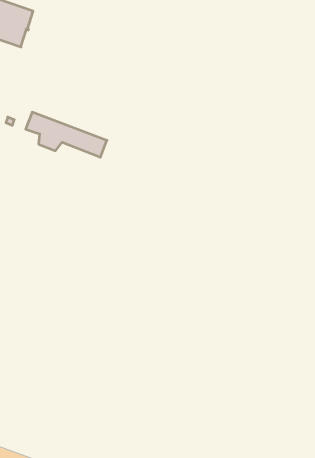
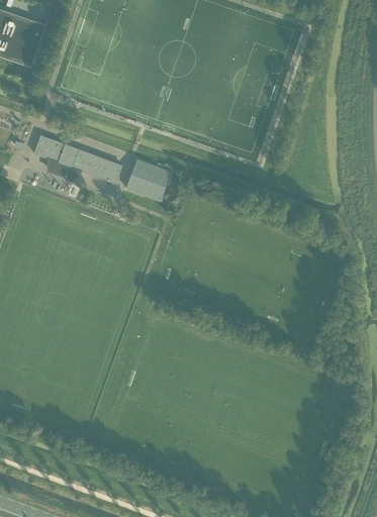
building: none -> [126,159,172,201]

